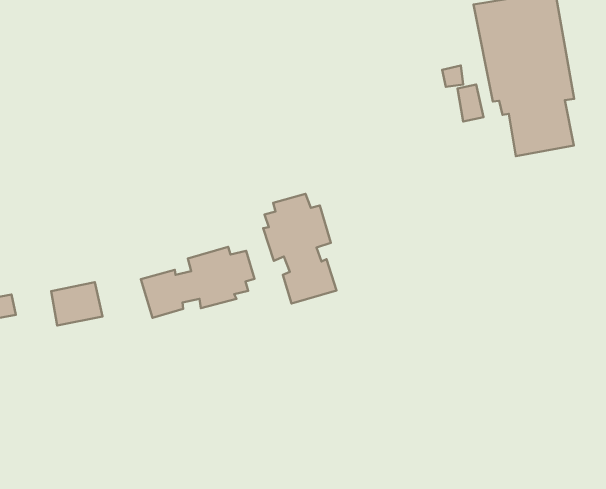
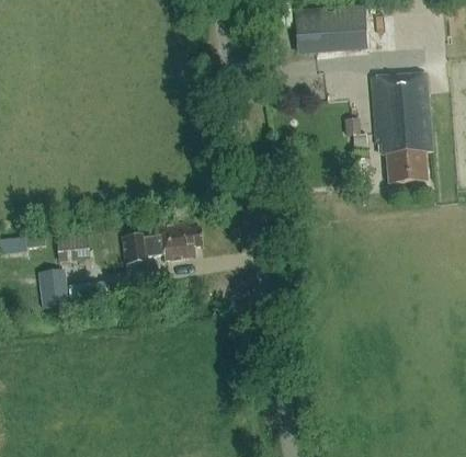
building: [263,194,336,303] -> none
building: none -> [37,269,69,307]

